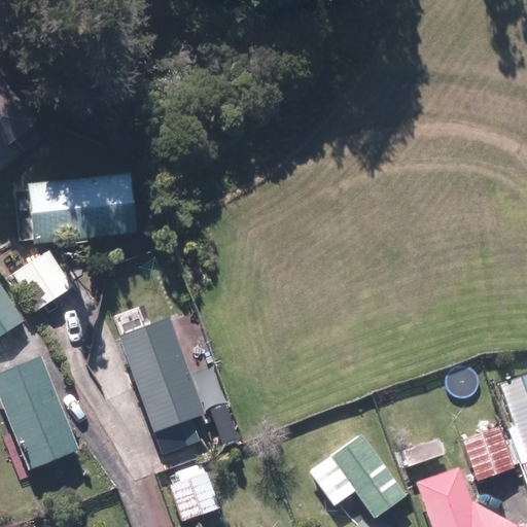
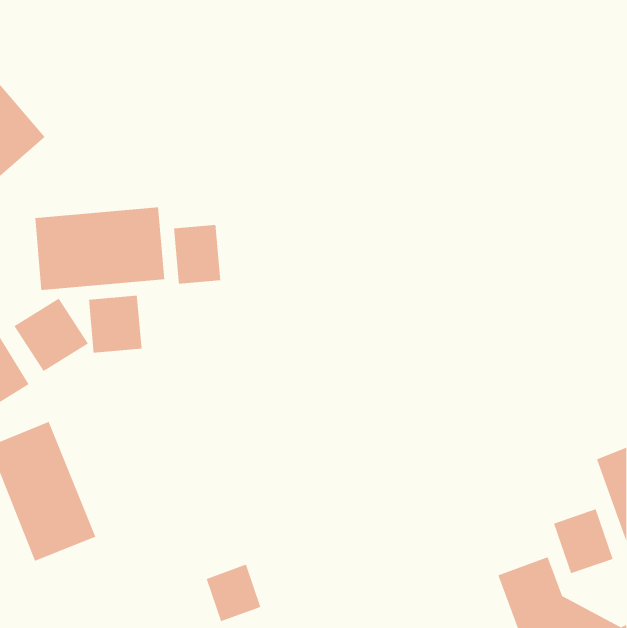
building: none -> [173,224,221,285]
building: none -> [88,295,142,353]
building: [111,308,207,455] -> none
building: [309,434,405,517] -> none

